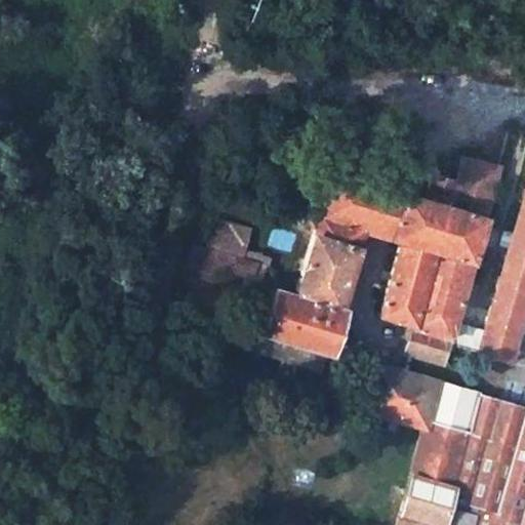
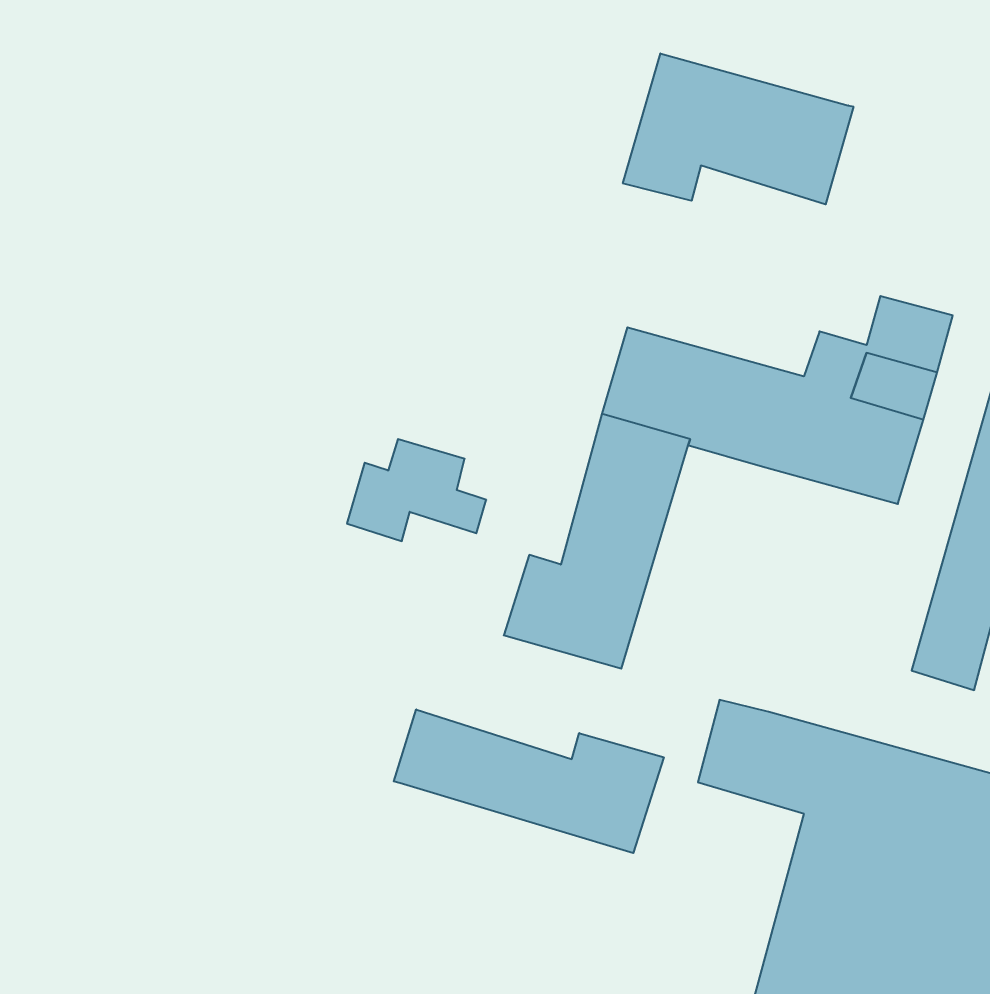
building: none -> [623,53,853,204]
building: [385,248,476,367] -> none
building: none -> [394,709,664,853]

